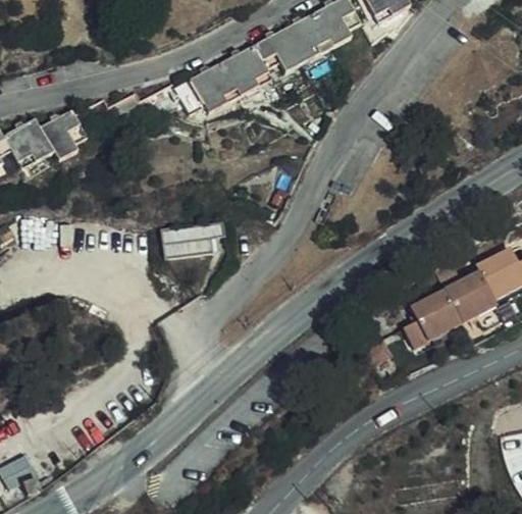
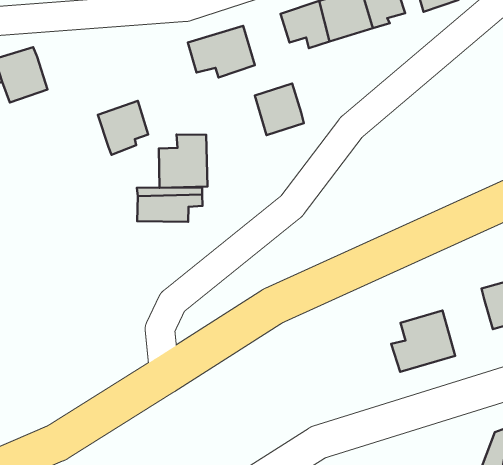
building: [221,47,269,97] -> [255,84,304,135]
building: [42,104,90,156] -> [98,101,148,155]
building: none -> [159,135,208,188]
building: [442,271,497,326] -> none

